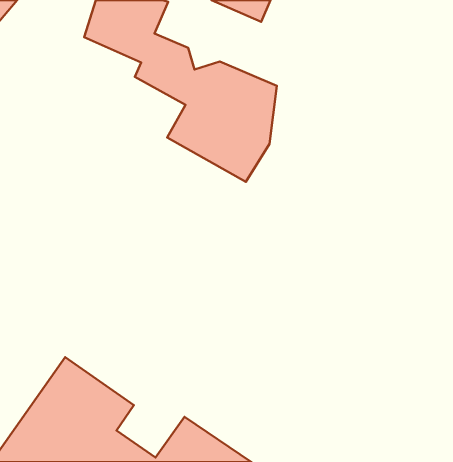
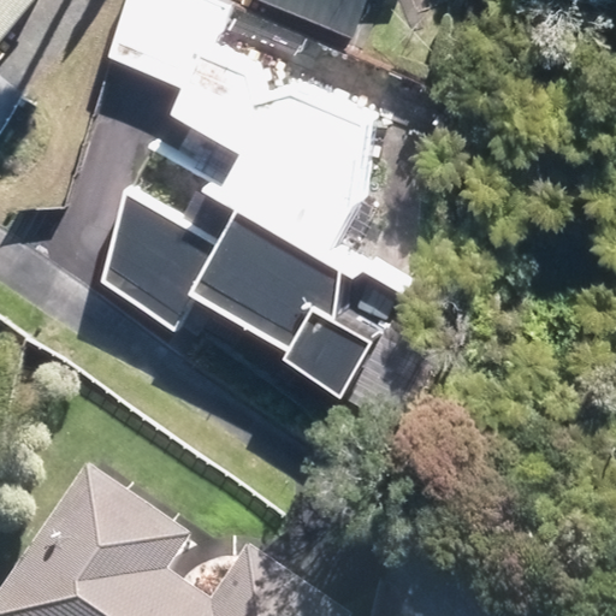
building: none -> [106,176,379,381]

